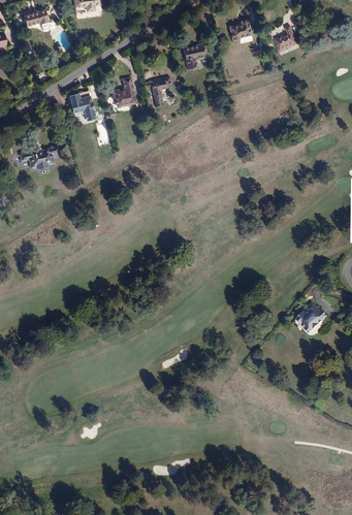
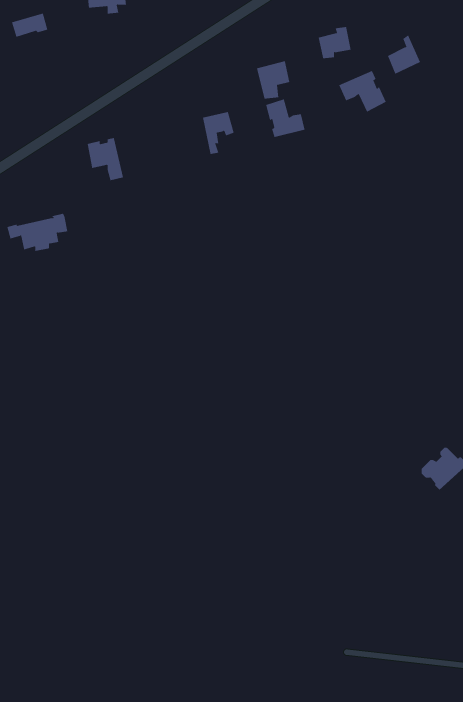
building: none -> [339,70,387,113]
building: none -> [266,99,305,138]
building: [110,78,133,108] -> none

